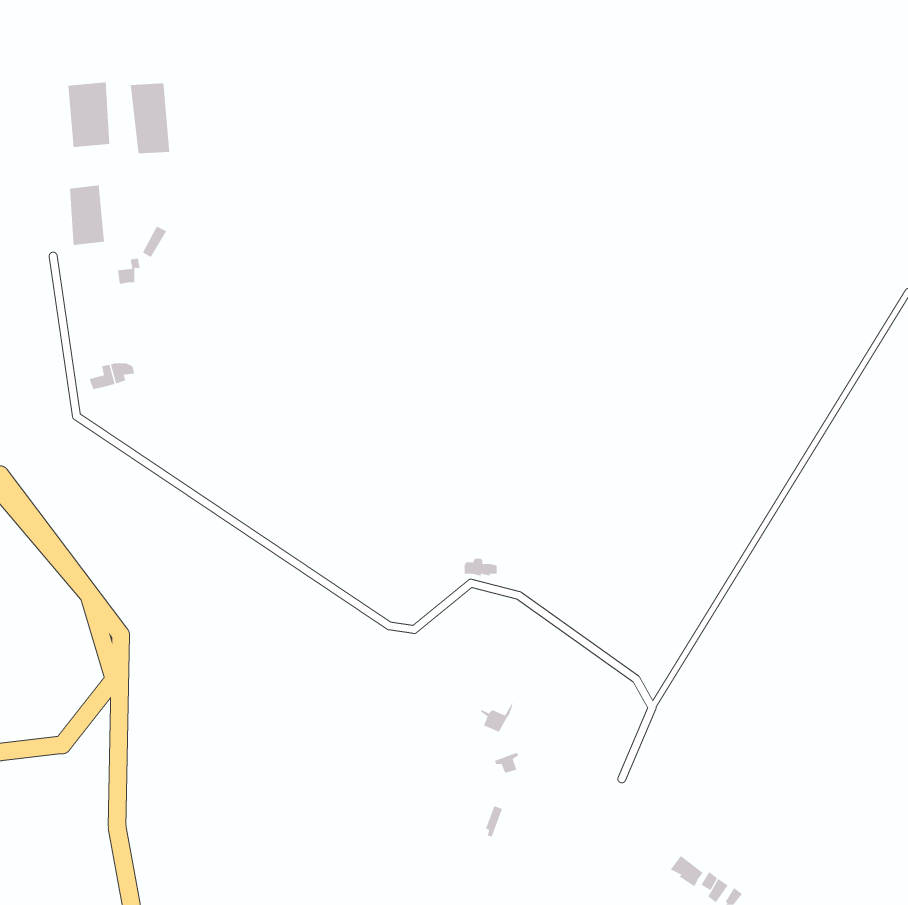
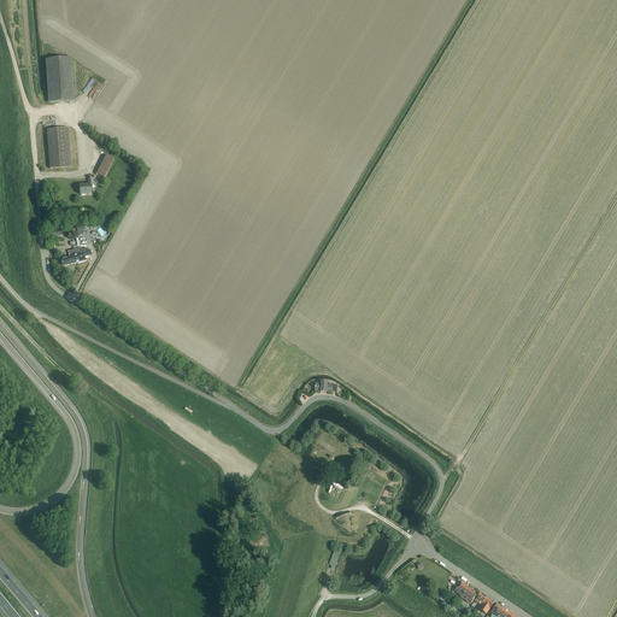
building: [130,82,170,154] -> none

